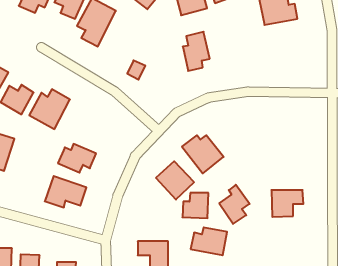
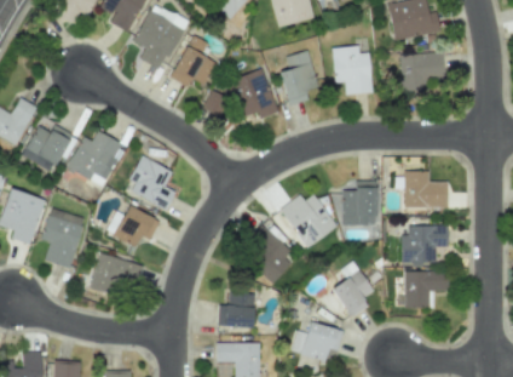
building: none -> [172,34,217,86]
building: none -> [332,45,373,95]
building: none -> [400,52,444,91]
building: none -> [227,67,278,119]
building: none -> [131,156,175,209]
building: none -> [404,170,448,207]
building: none -> [342,179,377,225]
building: none -> [42,209,83,267]
building: none -> [402,225,449,264]
building: [182,193,208,218] -> [219,292,255,327]

